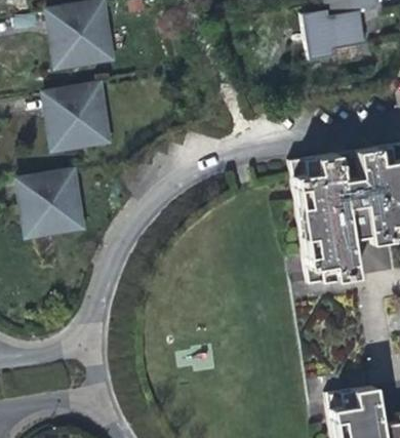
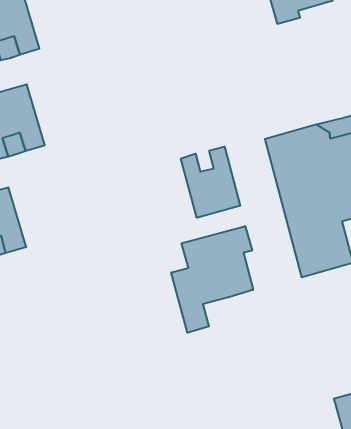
building: none -> [181,147,240,218]
building: none -> [171,226,253,333]

